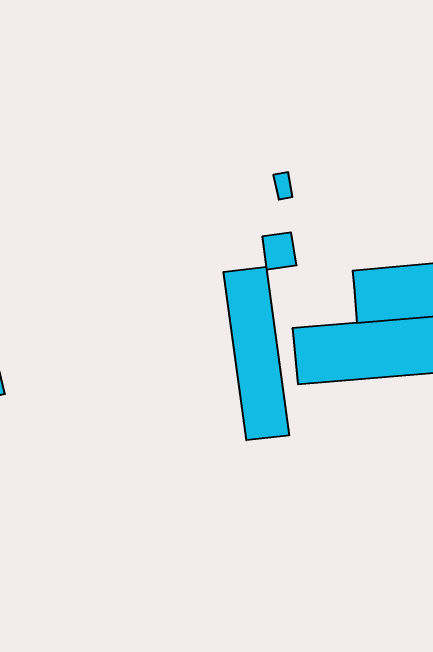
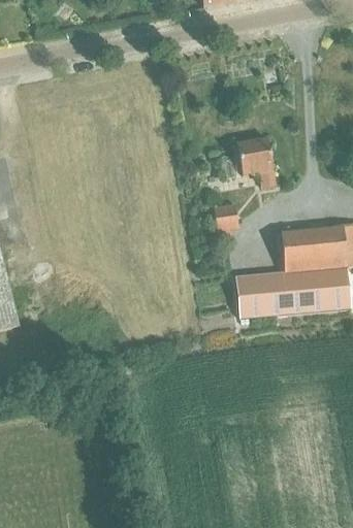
building: none -> [234,137,275,186]
building: [223,267,289,440] -> none

